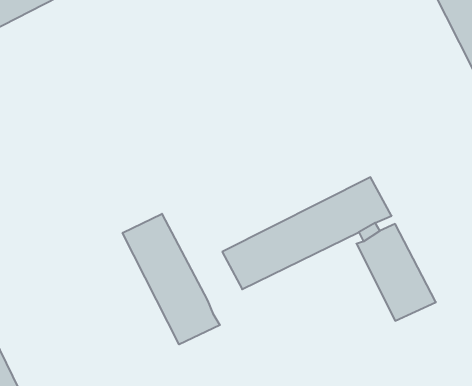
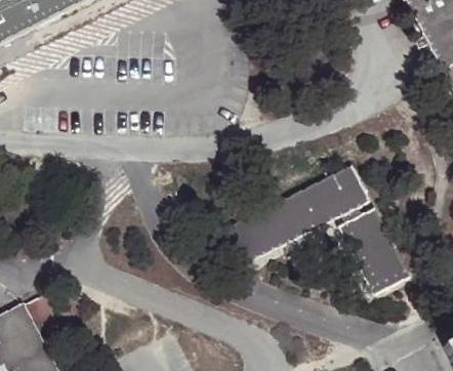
building: [123,214,220,344] -> none

